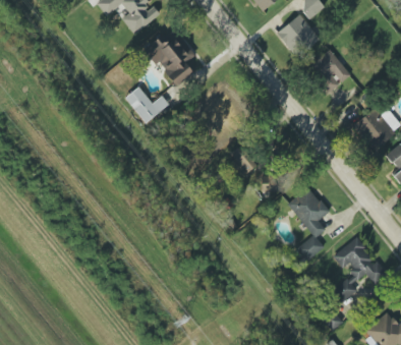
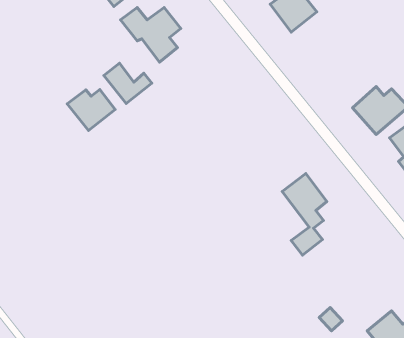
building: [311,49,351,94] -> none
building: none -> [67,89,115,130]
building: [331,237,388,302] -> none

